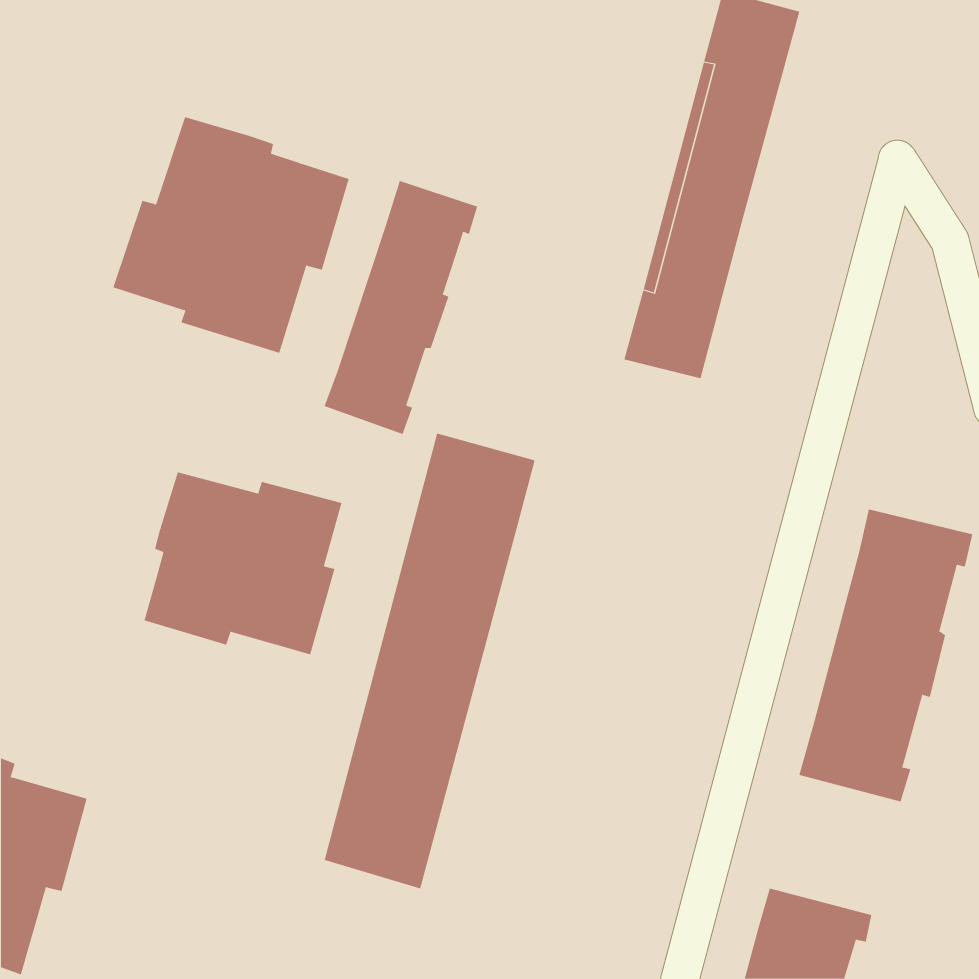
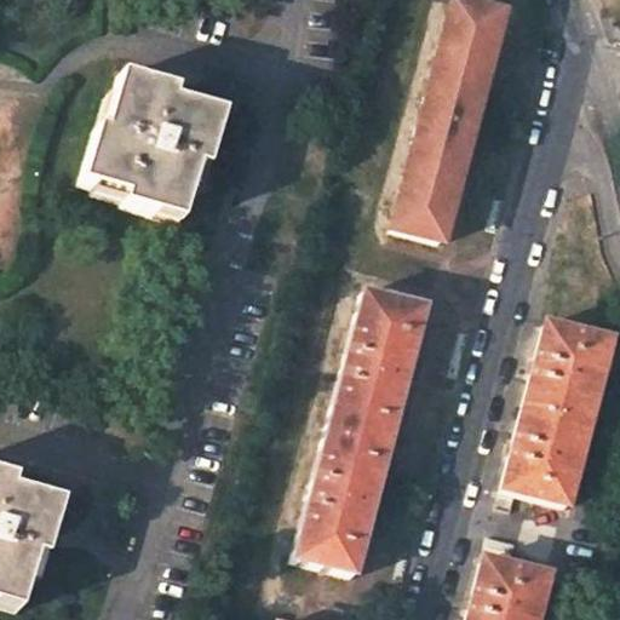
building: [324,180,478,435] -> none
building: [324,433,536,889] -> [297,285,429,569]
building: [144,471,342,655] -> none

